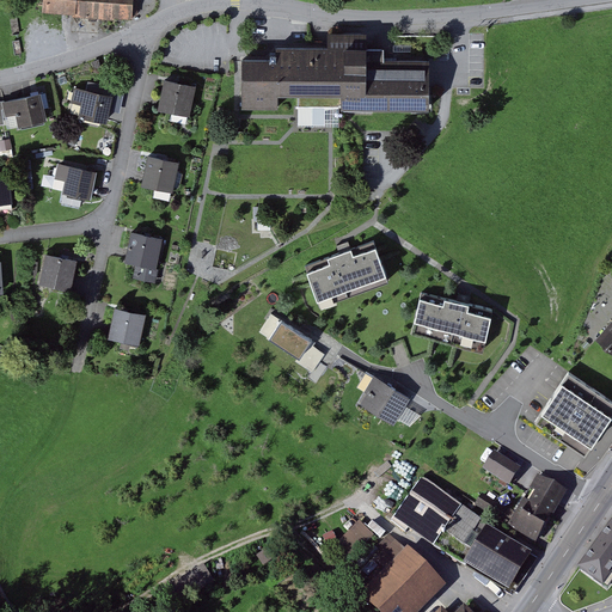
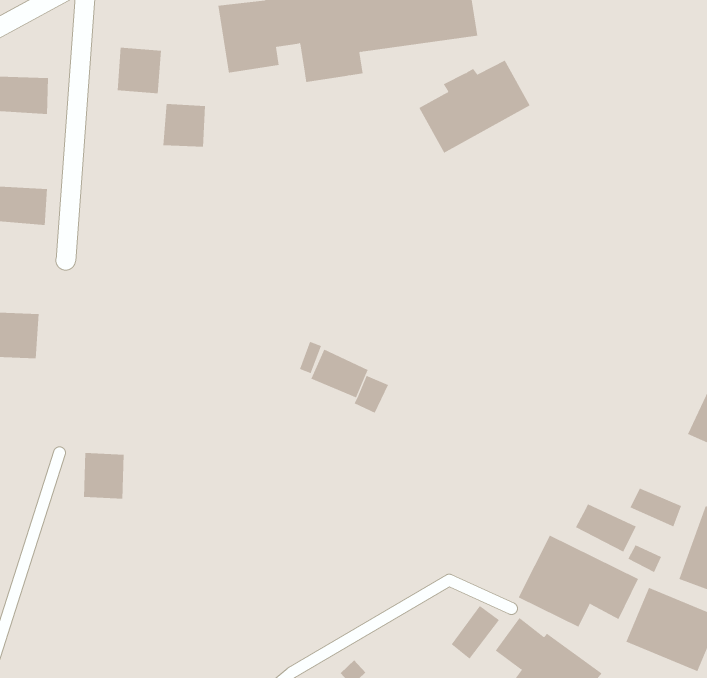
building: [139,154,175,190] -> [162,104,206,147]
building: [124,231,160,281] -> none
building: [305,244,386,305] -> [419,60,530,154]
building: [409,292,491,350] -> none
building: [111,307,146,345] -> [83,452,124,499]
building: [356,375,408,423] -> none
building: none -> [575,503,636,552]

